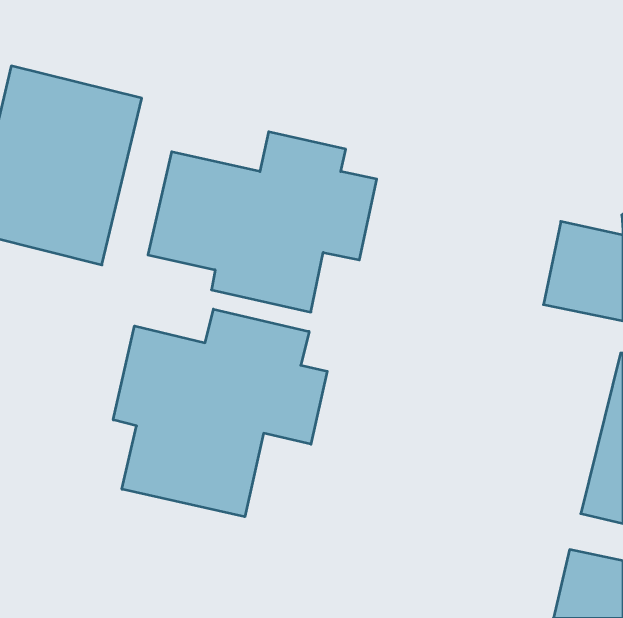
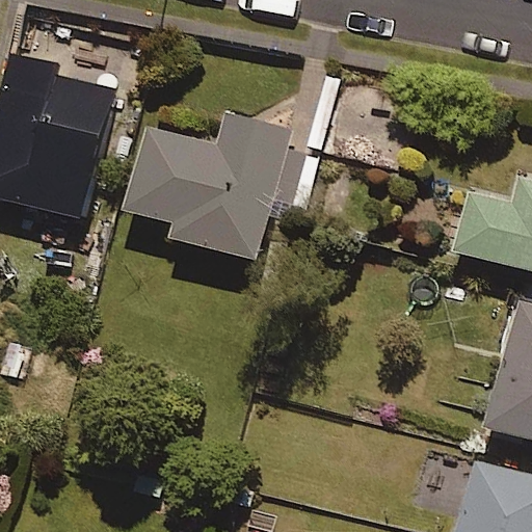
building: [113,309,327,517] -> none

